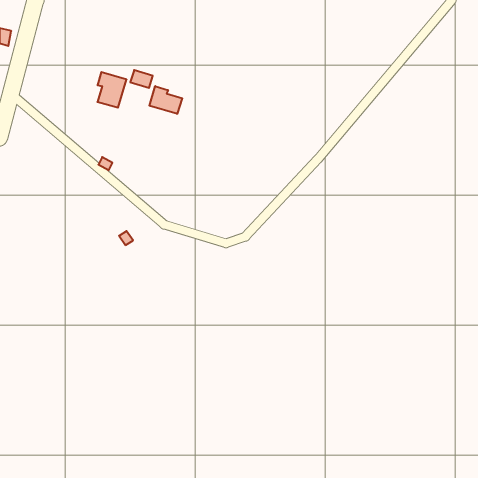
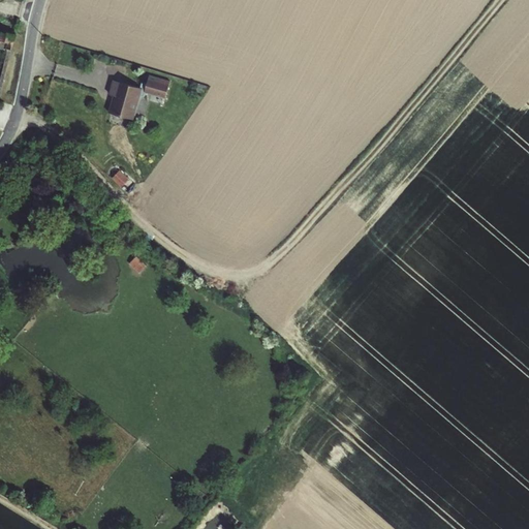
building: [149,86,182,114] -> none

